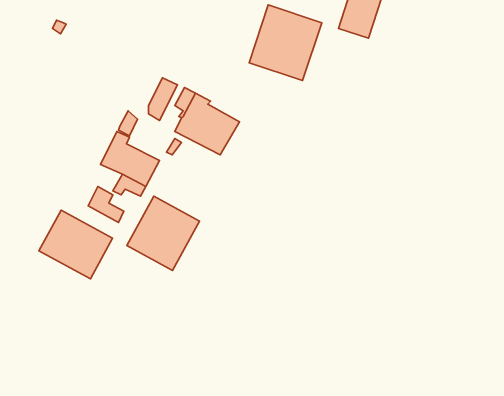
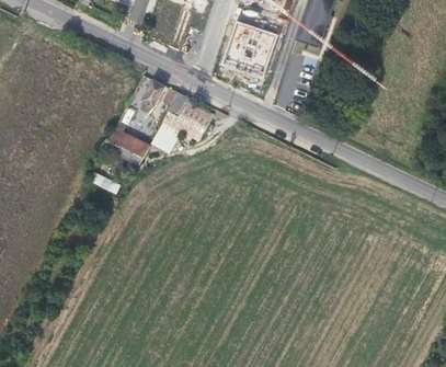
building: [127,196,200,270] -> none
building: [39,210,113,279] -> none

